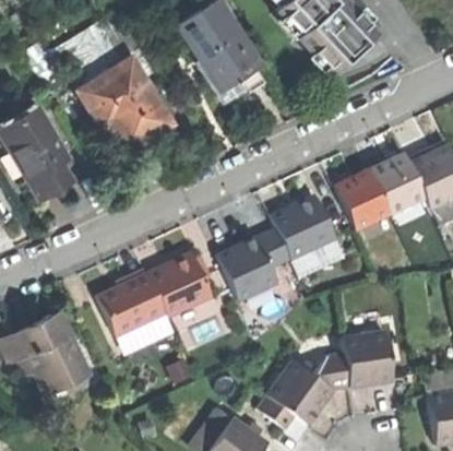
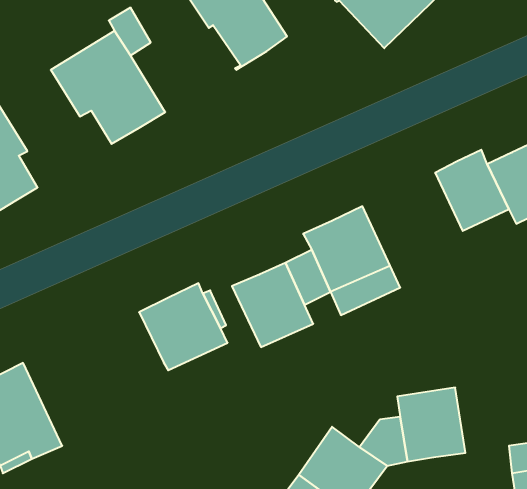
building: [336,169,391,229] -> none
building: [98,274,166,335] -> none

